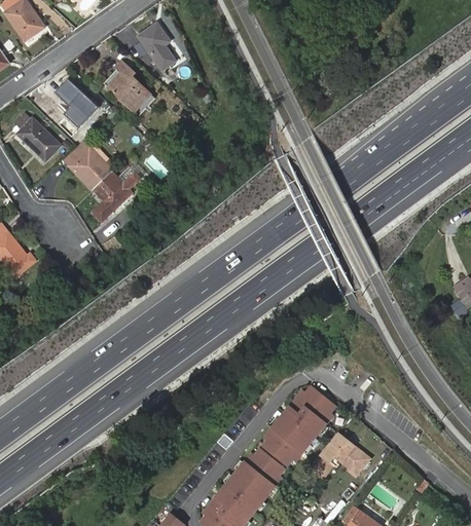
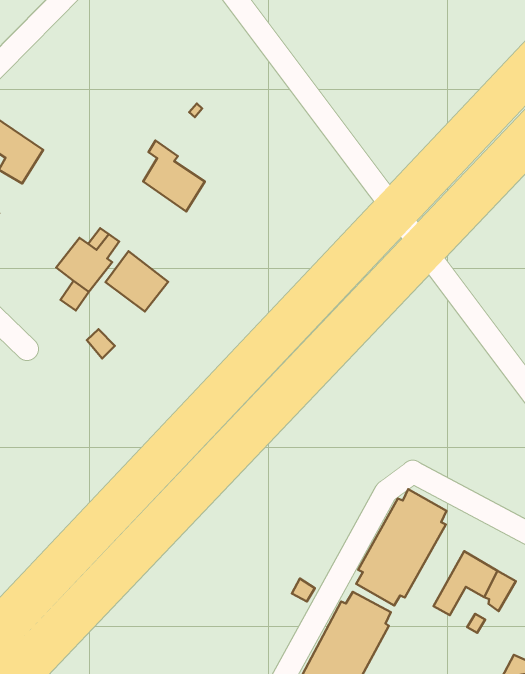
building: [139,24,176,71] -> none
building: [109,61,151,113] -> [143,141,205,212]
building: [70,147,113,190] -> [105,251,168,311]

